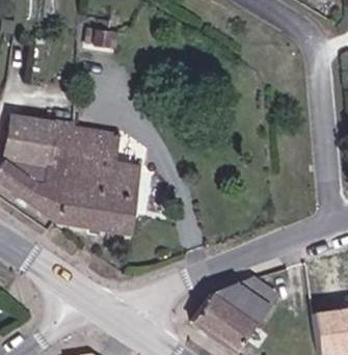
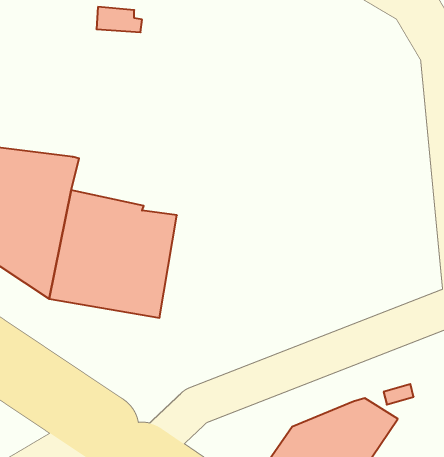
building: [72,128,122,159] -> none

